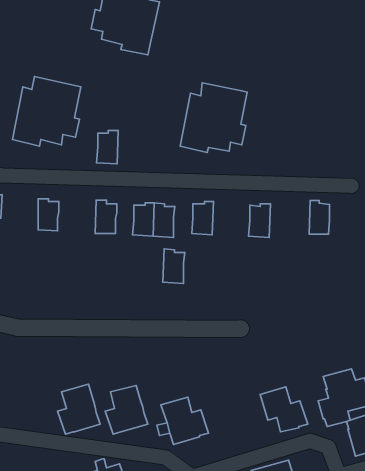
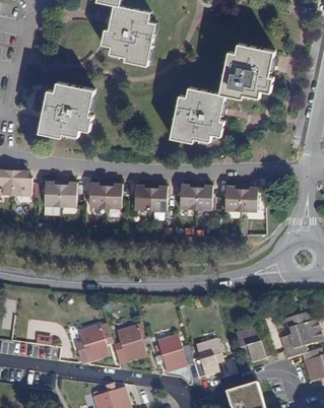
building: none -> [220,44,274,97]
building: [96,131,118,164] -> [88,180,106,206]
building: none -> [44,178,60,203]
building: [309,201,330,234] -> [242,183,258,209]
building: [163,249,185,283] -> [197,181,214,208]
building: none -> [193,339,223,378]

